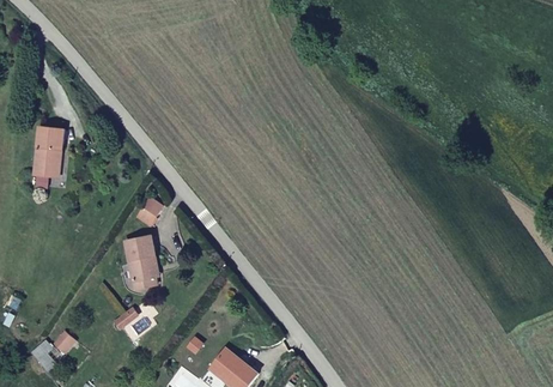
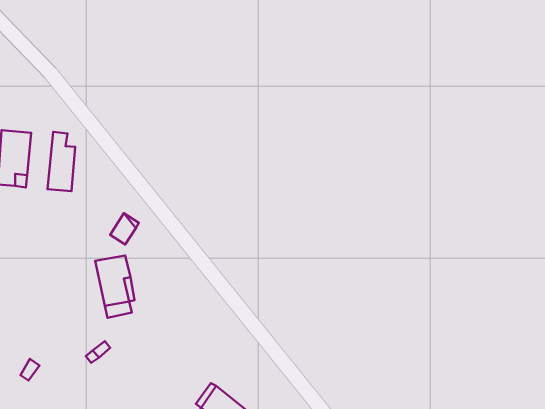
building: none -> [47,132,75,191]

